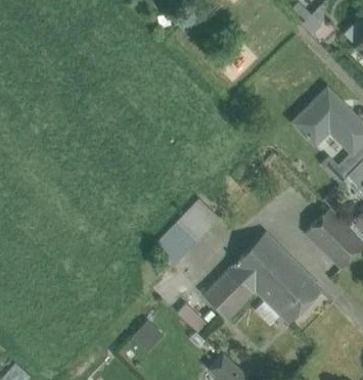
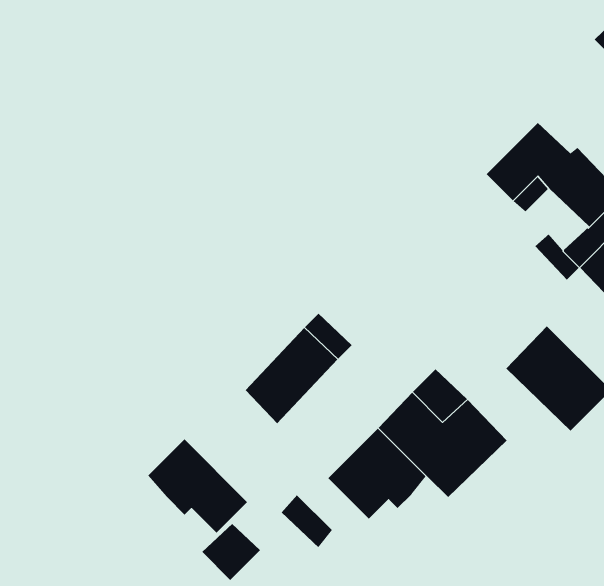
building: none -> [147,438,248,534]
building: [272,274,322,323] -> none

